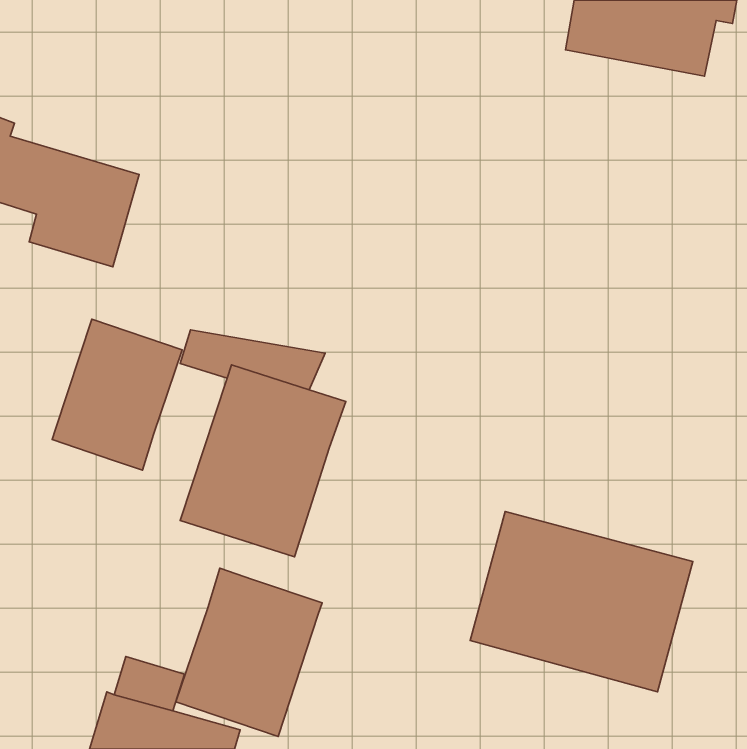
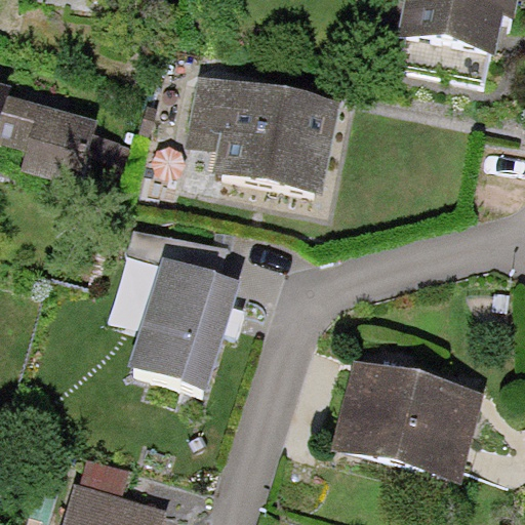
building: none -> [185,74,338,193]
building: [52,319,182,470] -> none
building: [176,568,322,736] -> none

